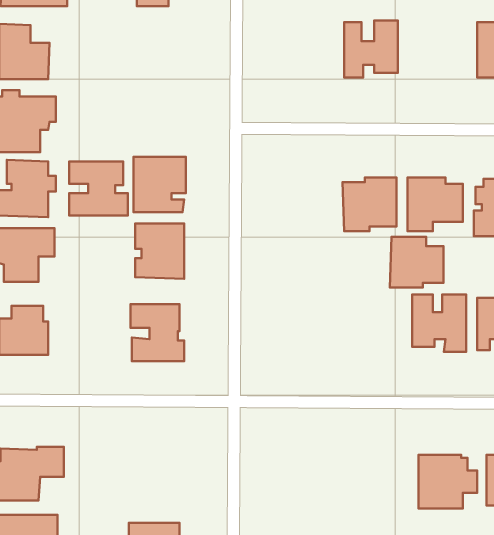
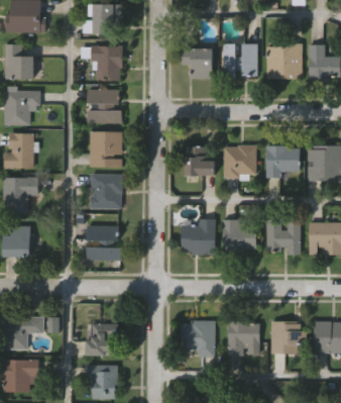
building: none -> [265,43,302,80]
building: none -> [90,47,121,83]
building: none -> [182,47,212,78]
building: [69,162,128,215] -> [85,88,122,122]
building: none -> [185,143,214,175]
building: [390,237,444,288] -> [221,219,255,251]
building: none -> [182,218,216,255]
building: none -> [181,319,216,356]
building: none -> [228,320,260,356]
building: none -> [86,323,118,355]

